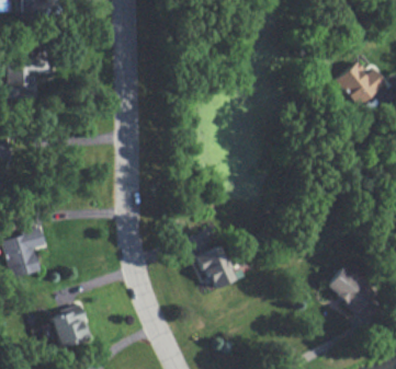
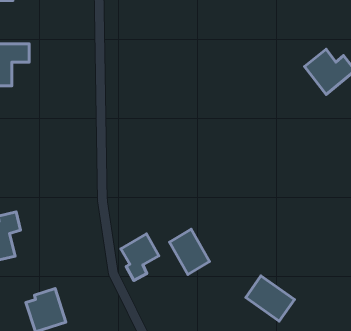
building: none -> [121,234,159,281]
building: [326,268,375,314] -> [246,276,294,321]

